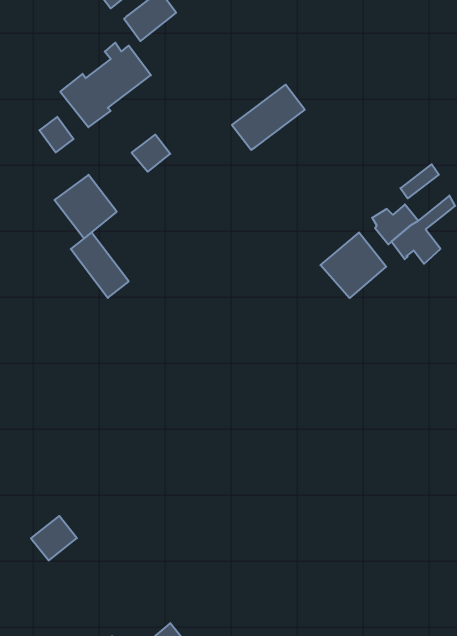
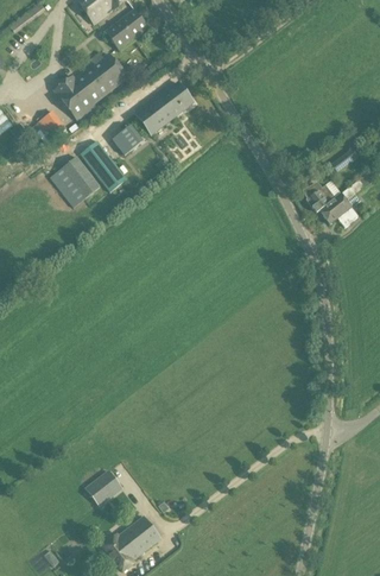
building: [232,85,305,150] -> [135,82,194,134]
building: [320,232,386,298] -> none
building: [71,233,129,298] -> [81,140,127,192]
building: [31,516,77,560] -> [84,469,121,505]

